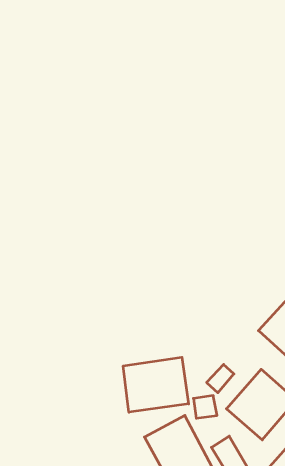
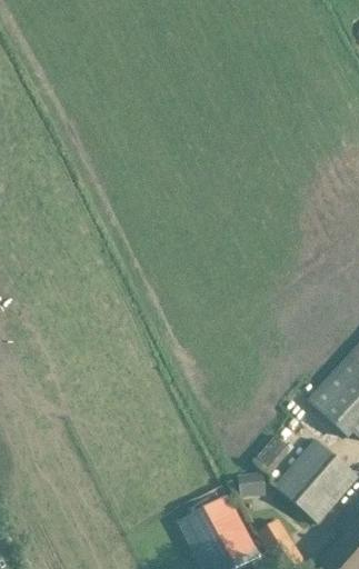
building: [123,357,189,412] -> none

